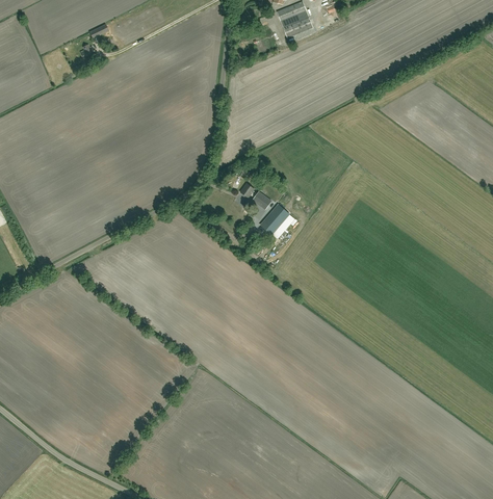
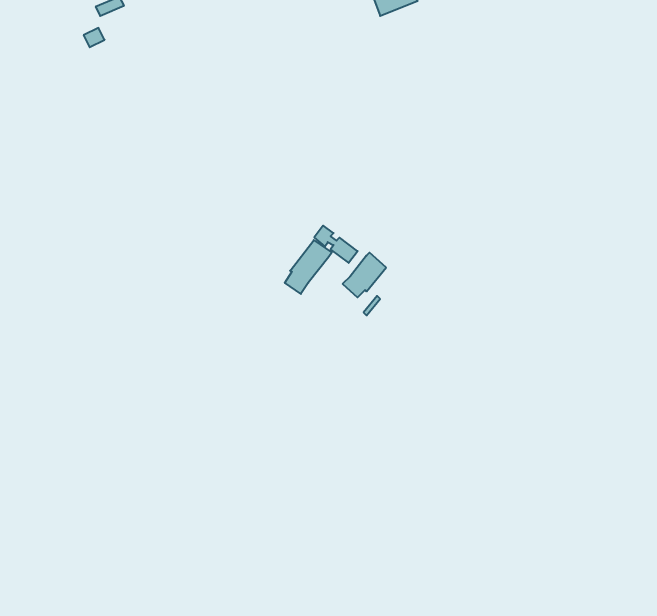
building: none -> [285,240,332,294]

